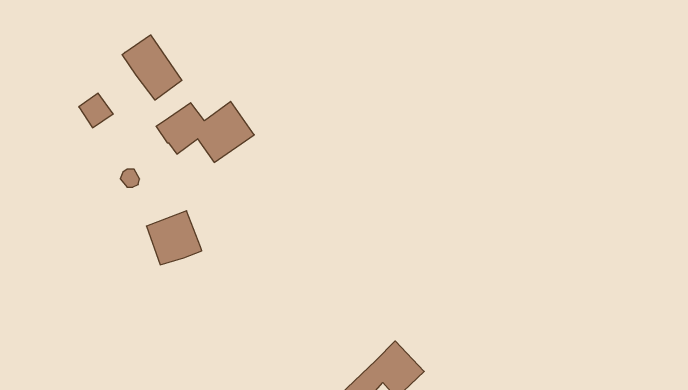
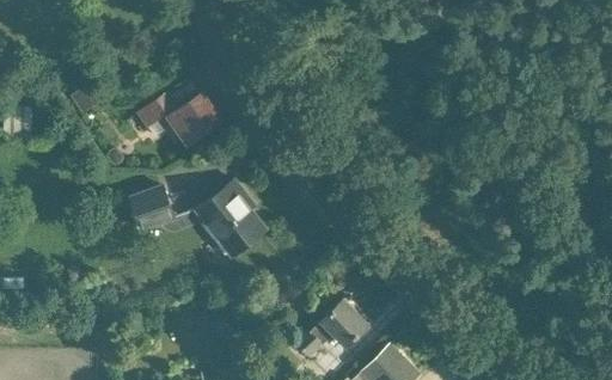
building: [122,35,182,100] -> none
building: none -> [196,179,265,255]

